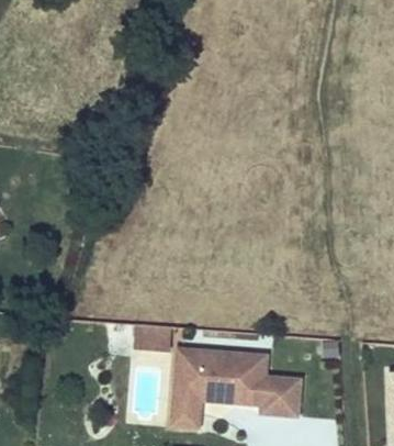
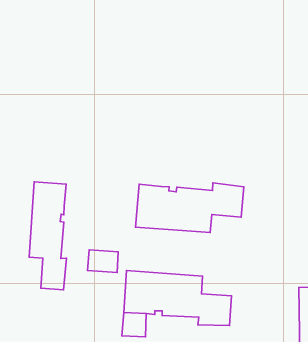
building: none -> [29,182,67,290]
building: none -> [136,183,244,233]

